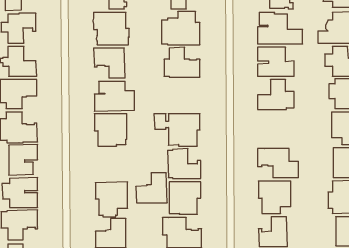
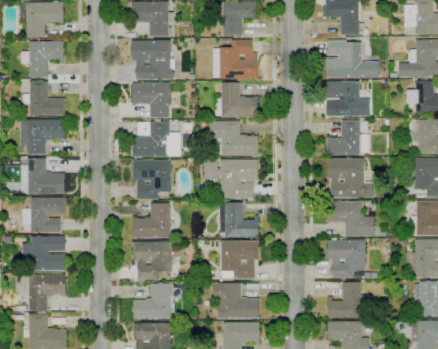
building: none -> [210,121,258,156]
building: none -> [326,159,374,198]
building: [136,173,167,203] -> [132,203,170,238]

